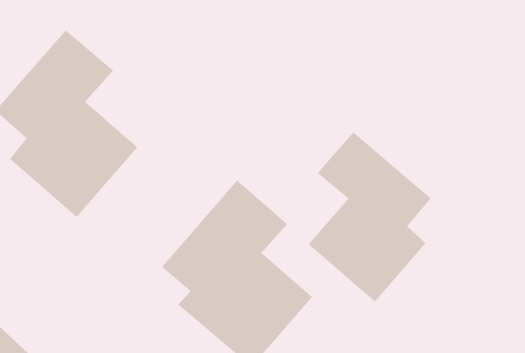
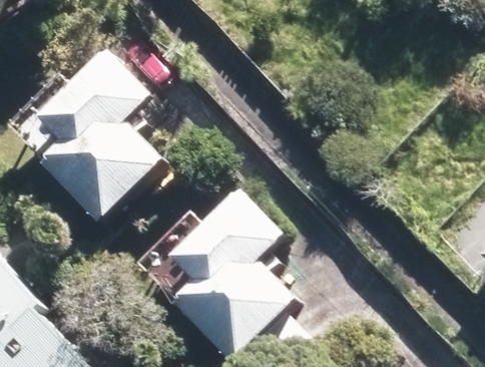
building: [308,132,431,302] -> none

